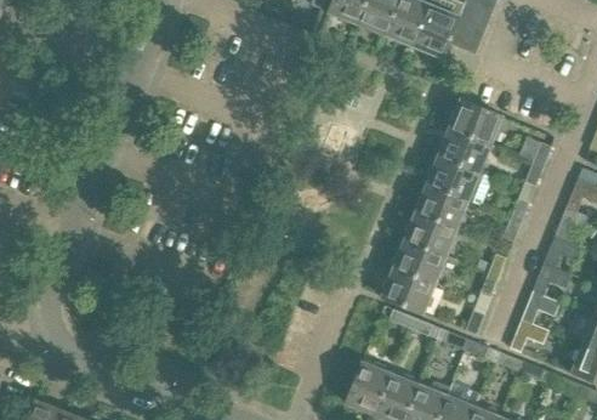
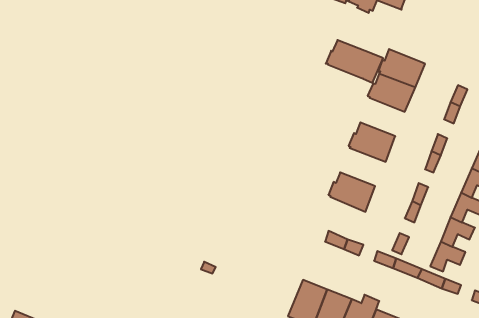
building: [426,155,491,204] -> [326,40,383,83]
building: [403,212,457,256] -> none
building: [381,268,434,313] -> none

